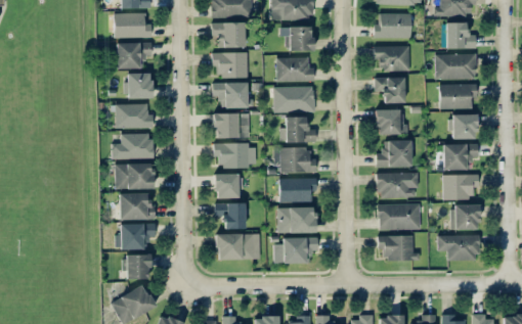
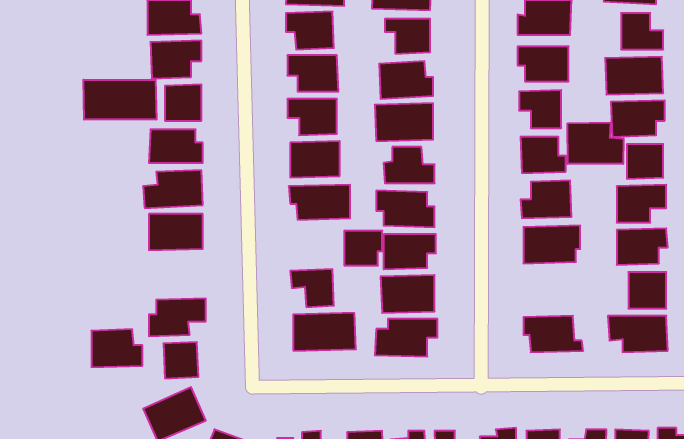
building: none -> [83,80,156,120]
building: none -> [568,122,624,164]
building: [215,174,242,198] -> [344,231,382,266]
building: [119,193,155,220] -> [91,329,142,367]
building: [378,203,421,230] -> none

